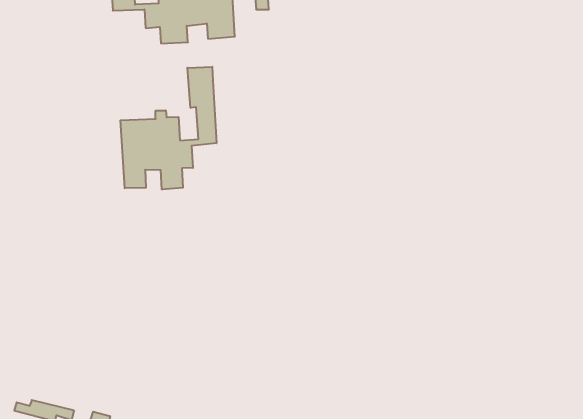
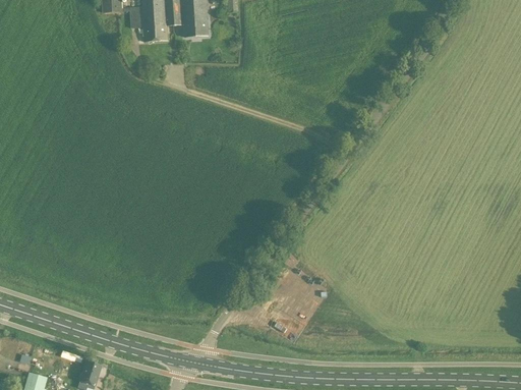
building: [121,67,216,190] -> none

